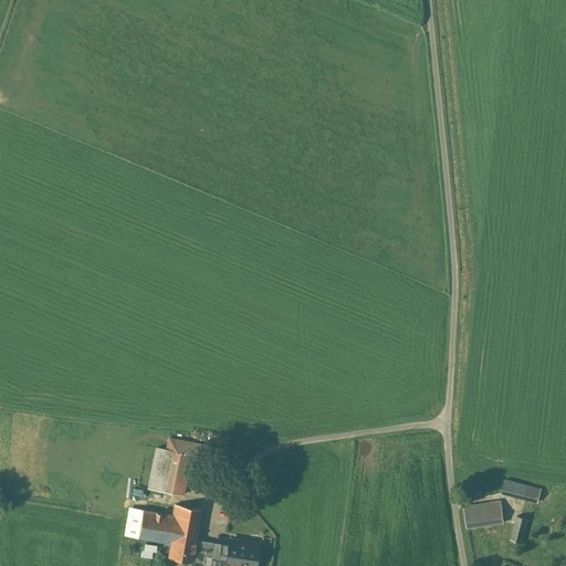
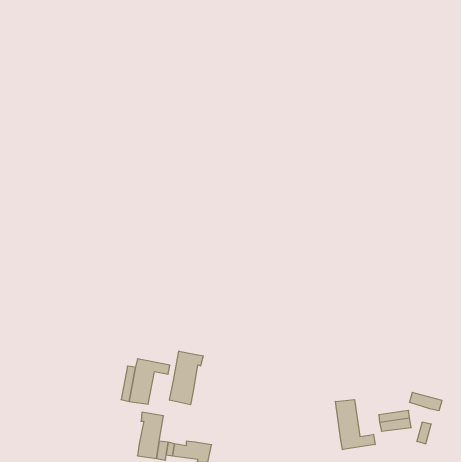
building: none -> [170,351,203,405]
building: none -> [335,400,375,450]
building: [125,507,177,543] -> none

